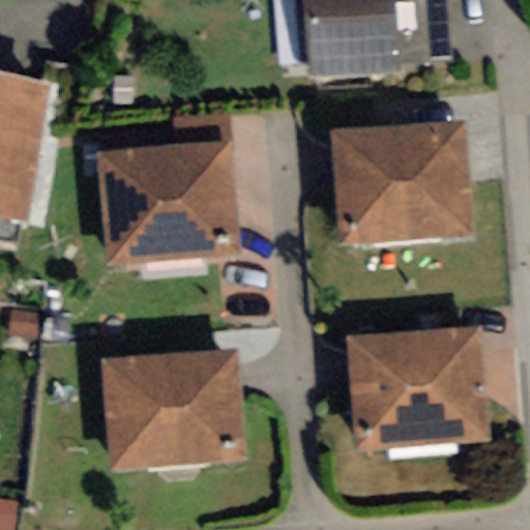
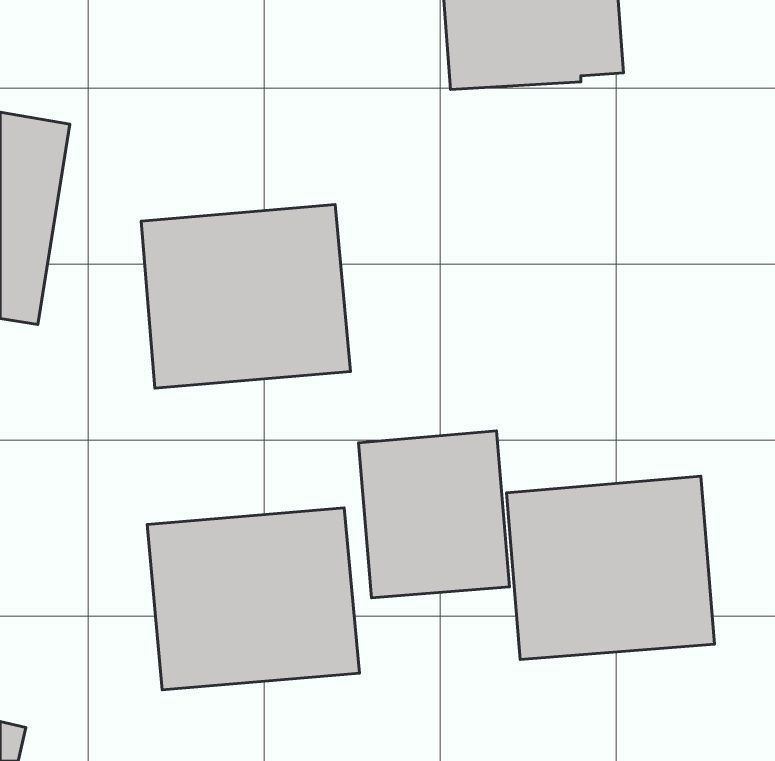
building: [330,120,473,244] -> none
building: none -> [358,431,510,598]

